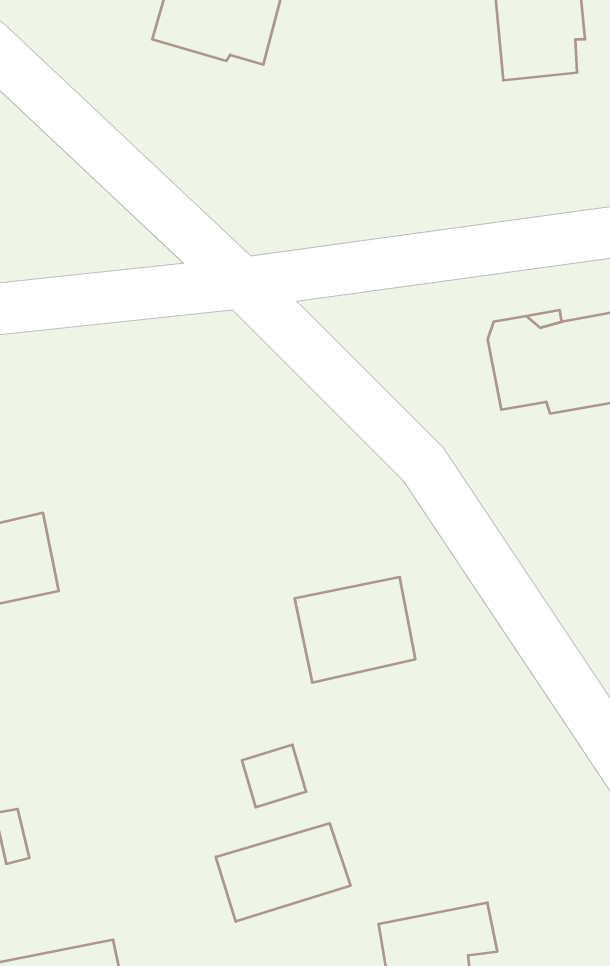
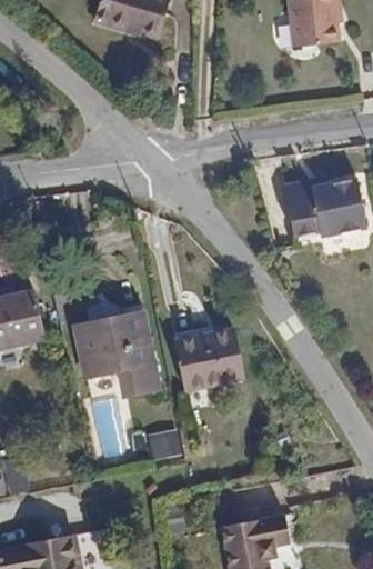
building: none -> [75,307,154,396]
building: [216,823,350,922] -> none

